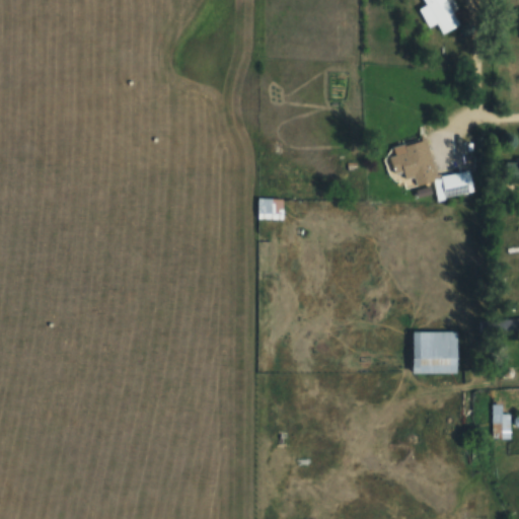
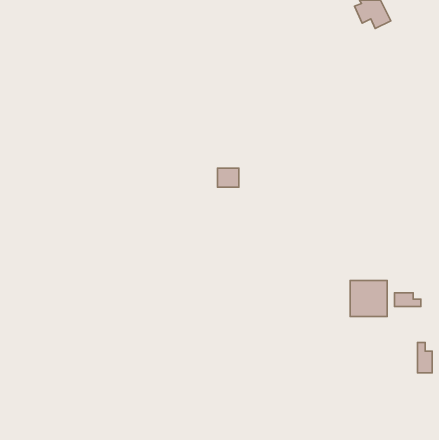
building: [392,139,474,201] -> none
building: none -> [394,293,421,306]

